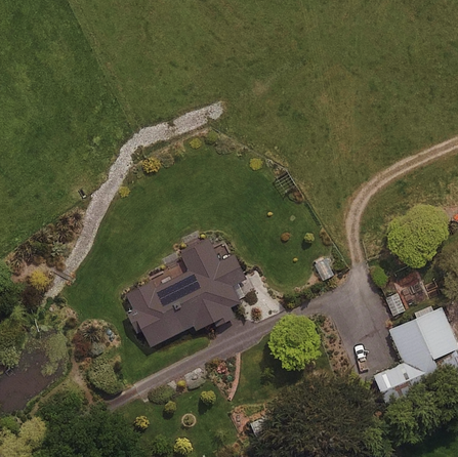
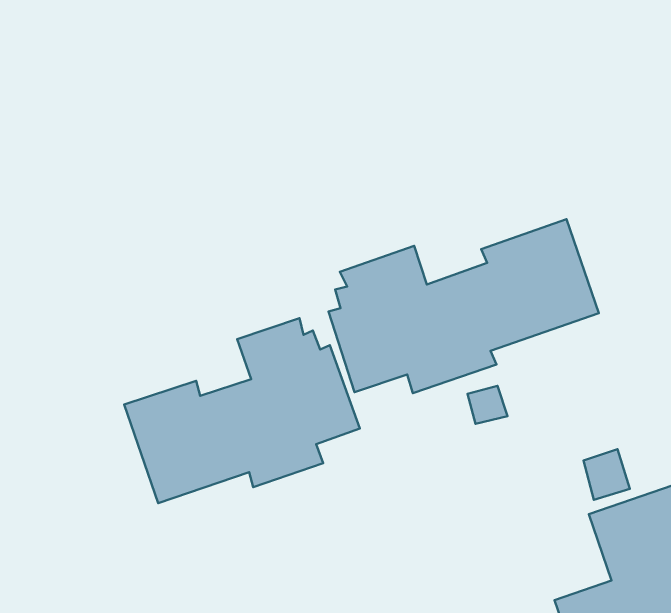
building: none -> [328,219,599,393]

